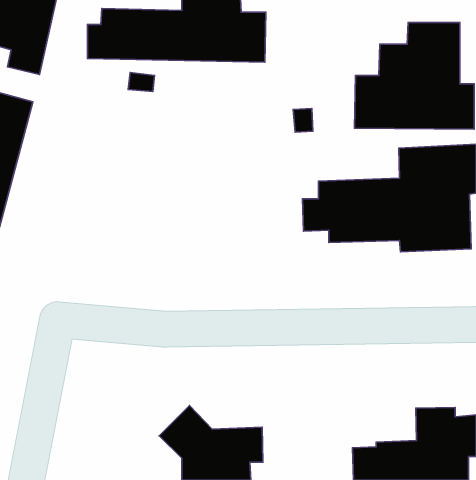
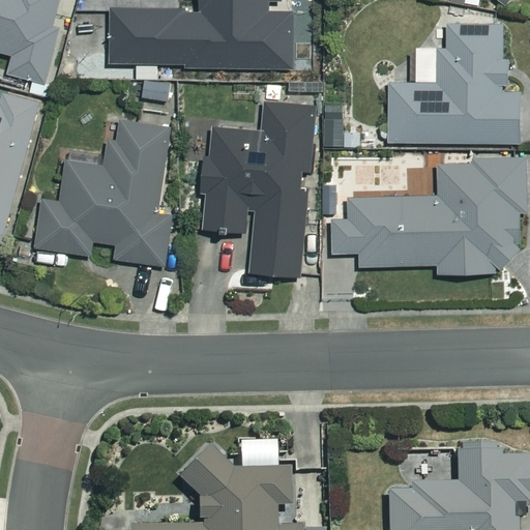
building: none -> [202,105,314,276]
building: none -> [37,121,169,264]

